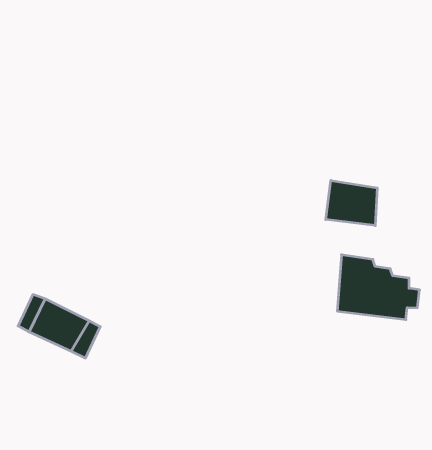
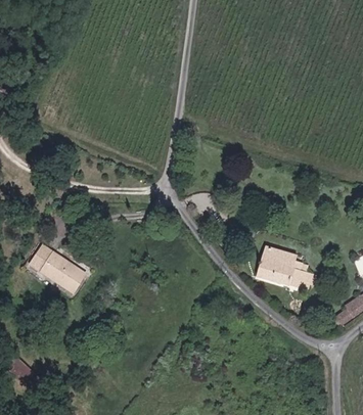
building: [326,180,377,226] -> none

